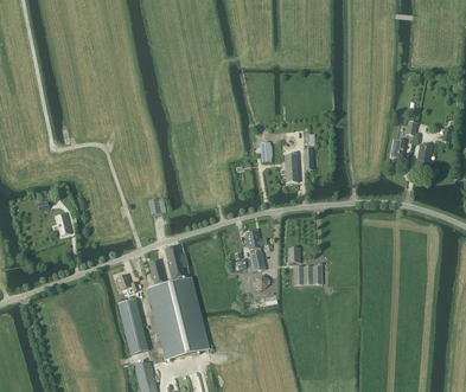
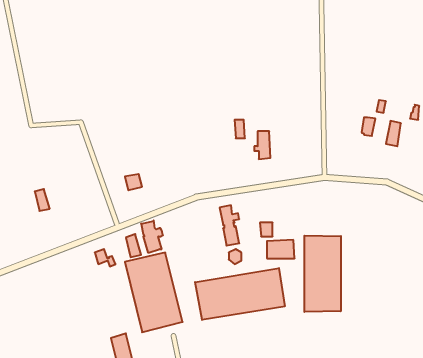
building: none -> [304,236,341,312]
building: none -> [195,268,285,320]
building: [119,298,148,353] -> none

